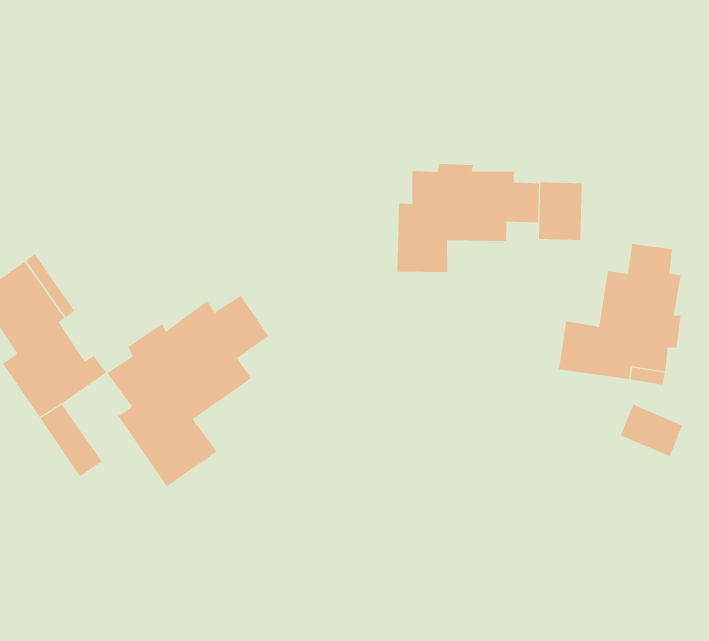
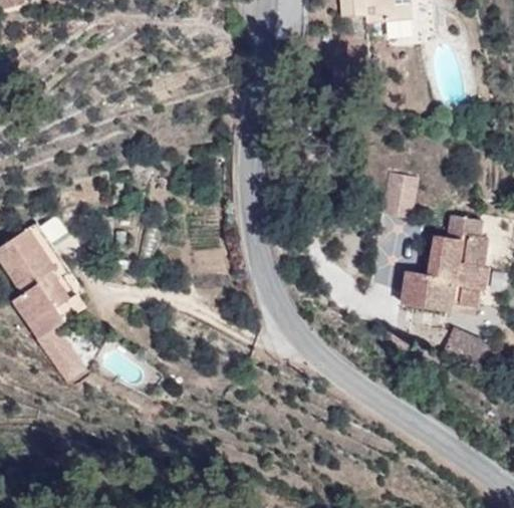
building: [397,163,540,273] -> none
building: [106,295,269,487] -> none

